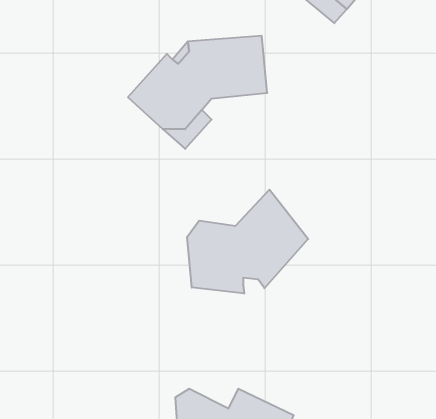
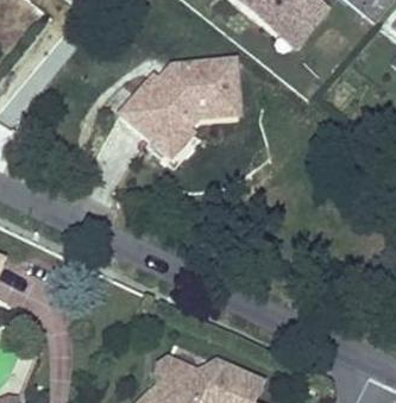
building: [187,190,308,294] -> none

